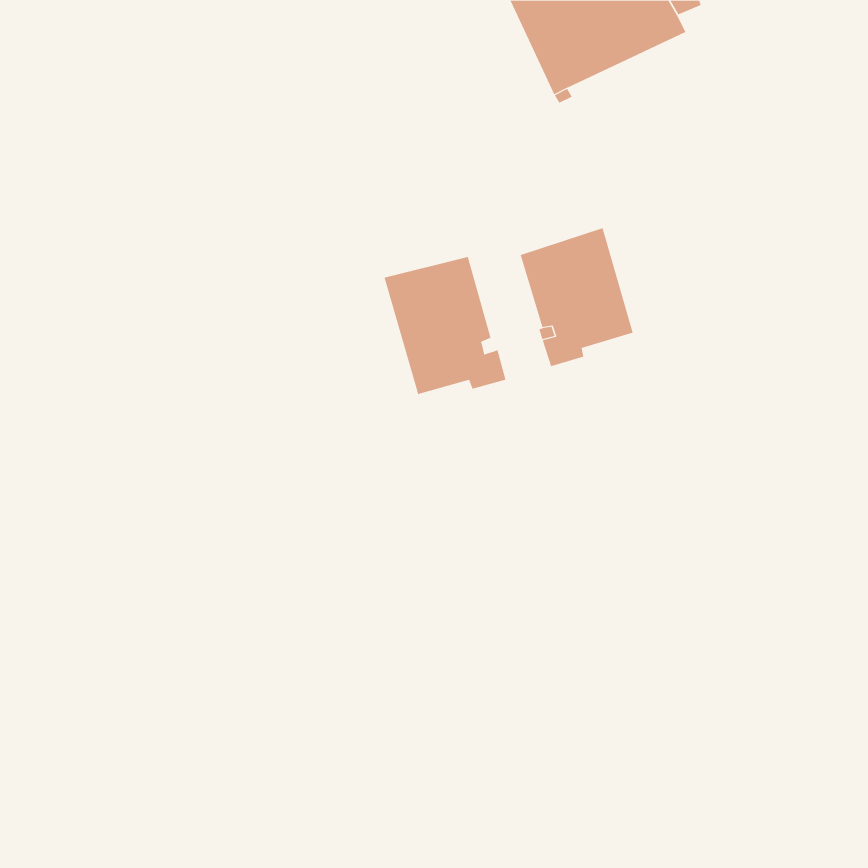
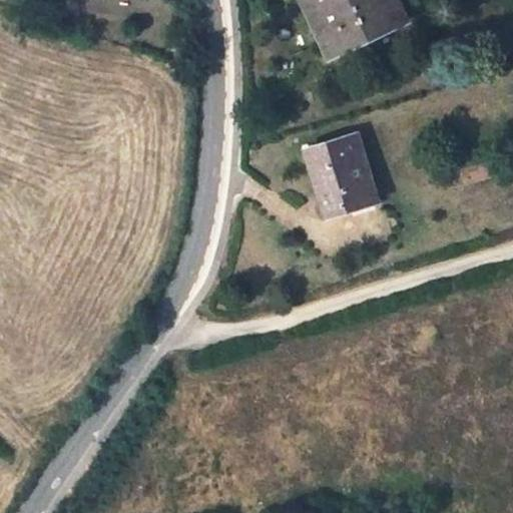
building: [384,256,506,395] -> none

